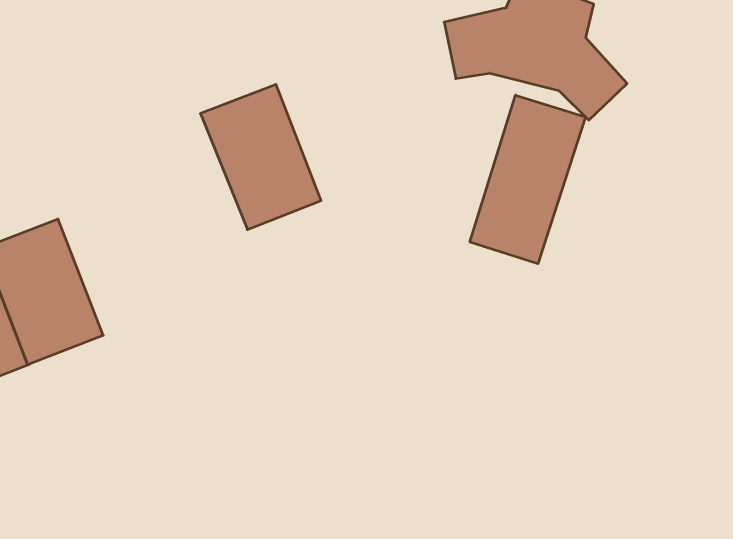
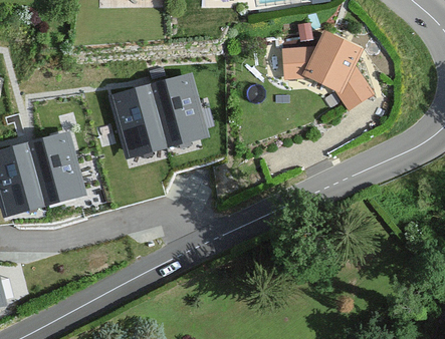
building: [470,95,585,264] -> none
building: none -> [108,84,167,158]

